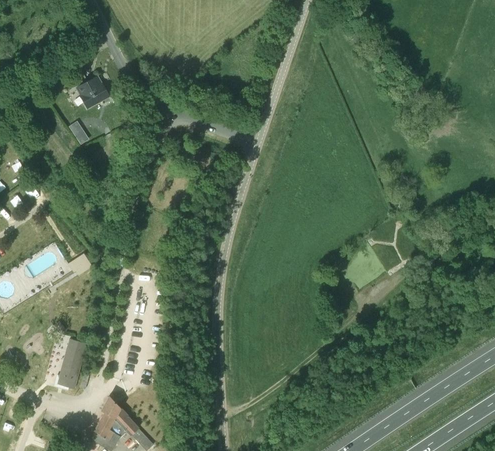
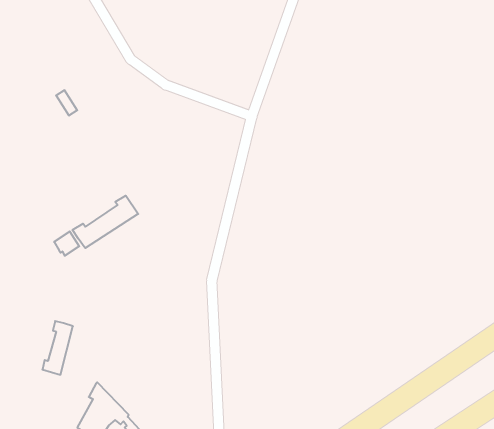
building: [76,77,108,108] -> none
building: none -> [73,196,138,248]

